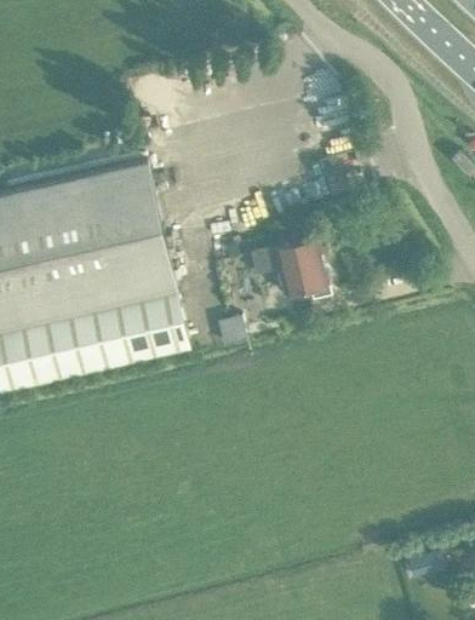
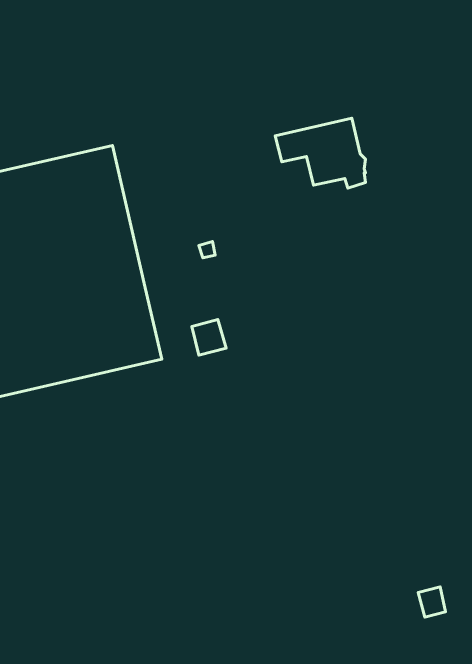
building: [247,235,327,297] -> [275,118,366,188]

